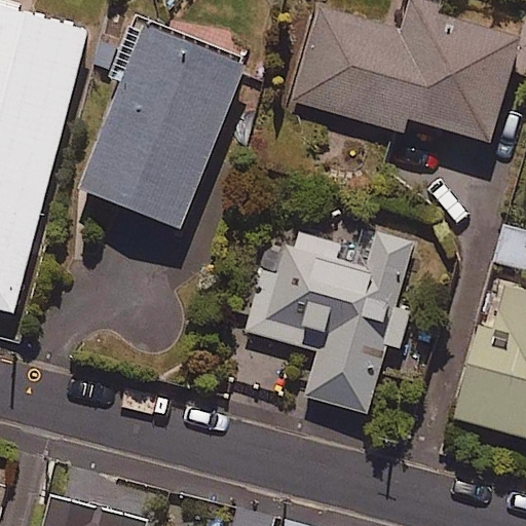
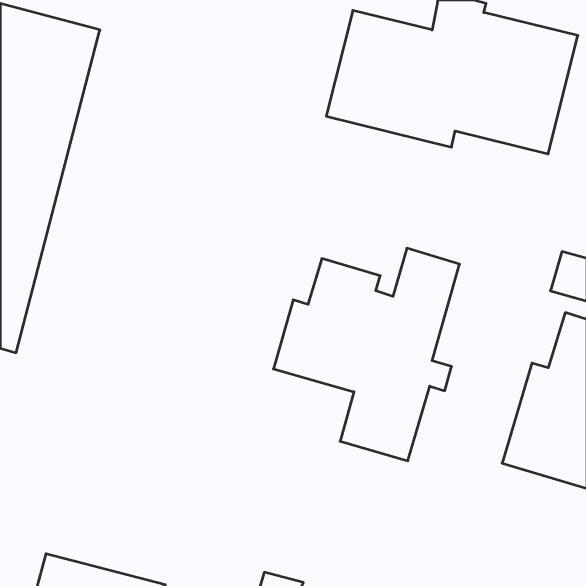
building: [75,21,241,228] -> none

